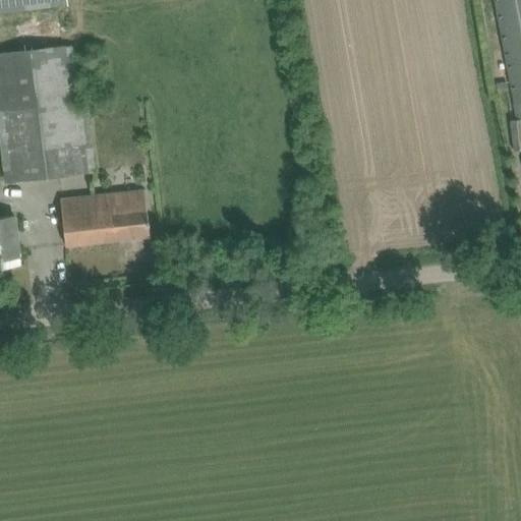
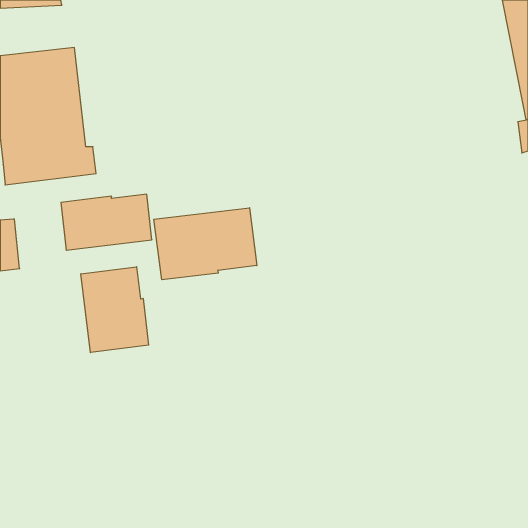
building: none -> [154,208,257,280]
building: none -> [81,267,149,353]

